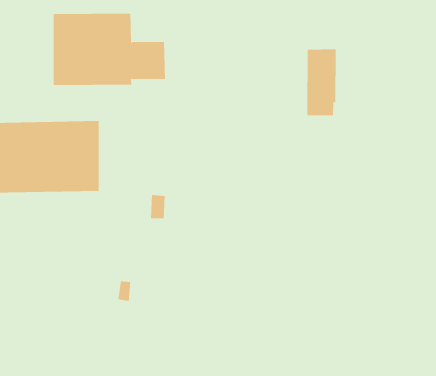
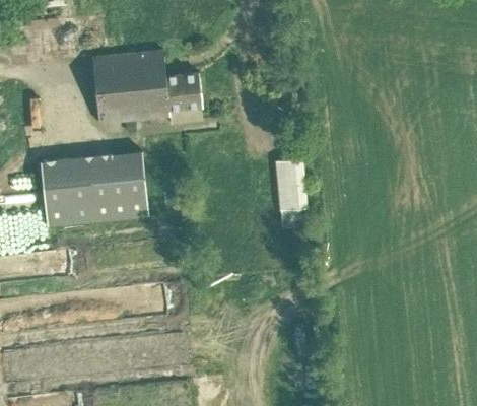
building: [306,49,337,116] -> [276,158,308,222]

